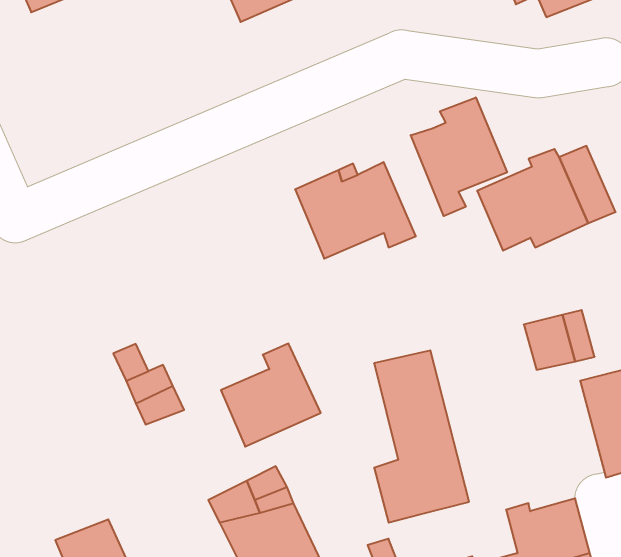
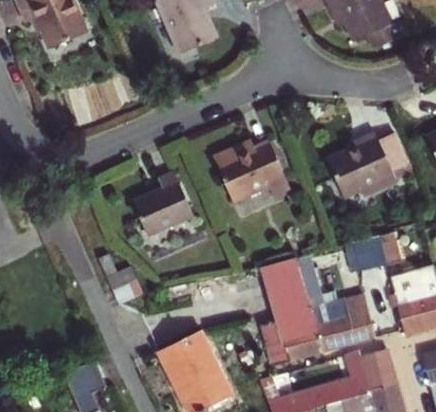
building: [411,97,507,216] -> none
building: [221,344,321,447] -> [131,172,193,236]
building: none -> [297,253,372,351]

